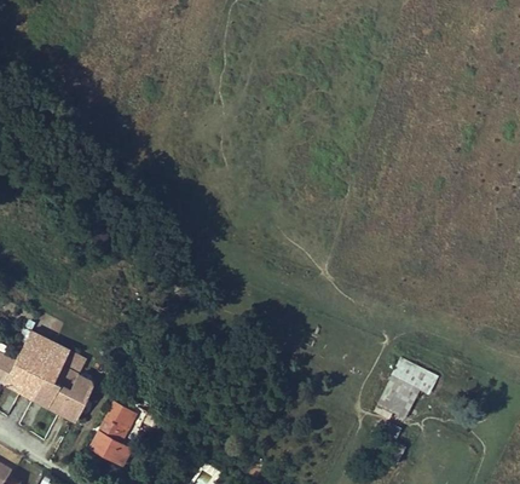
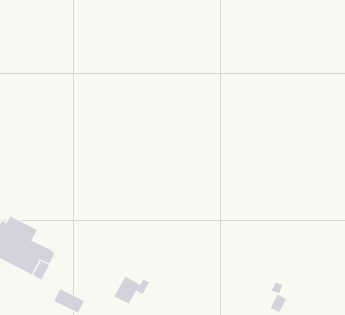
building: [379,355,439,415] -> none
building: [99,402,149,440] -> [113,276,150,305]

